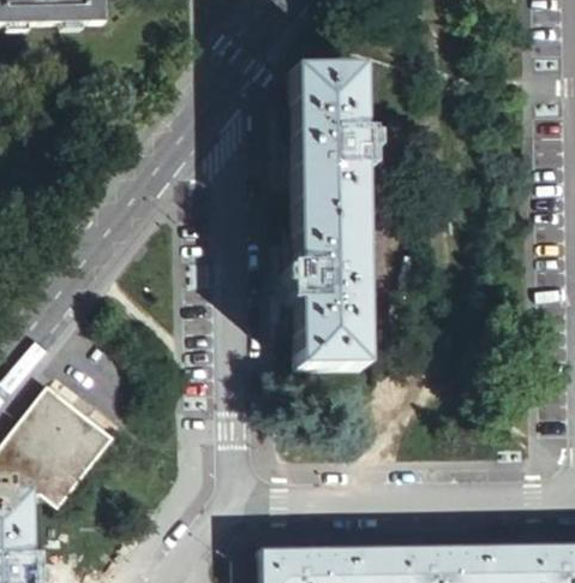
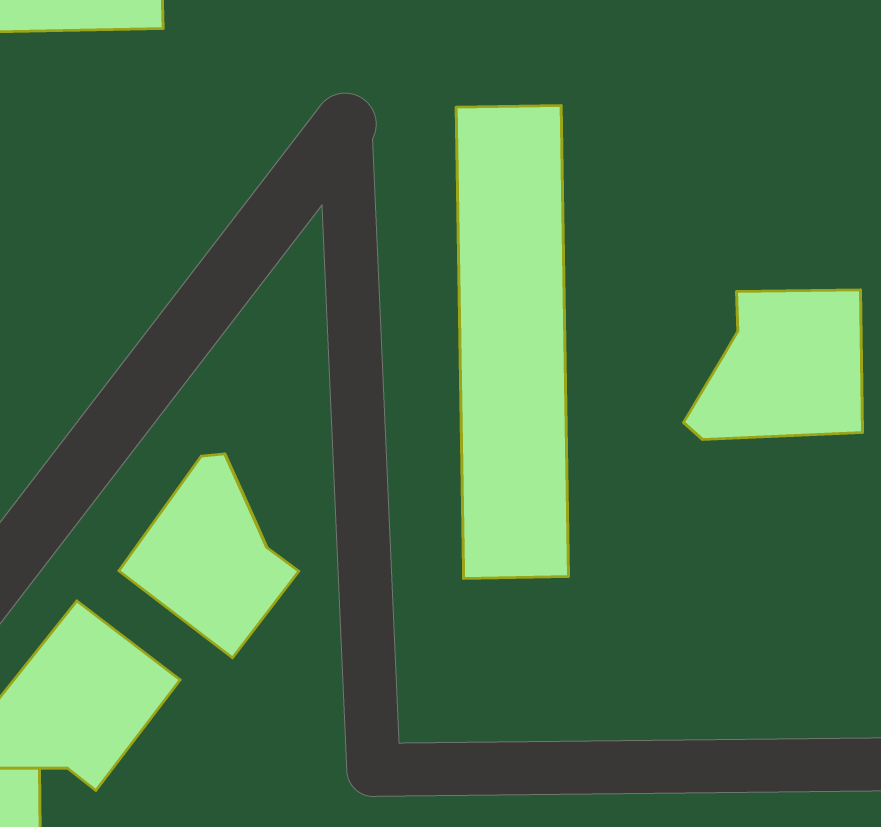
building: none -> [684,290,863,440]
building: none -> [119,454,299,658]

